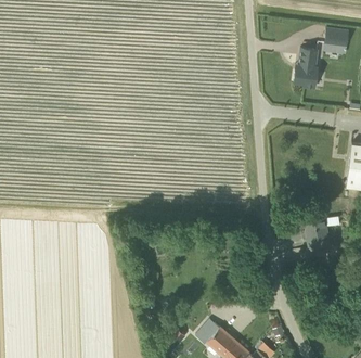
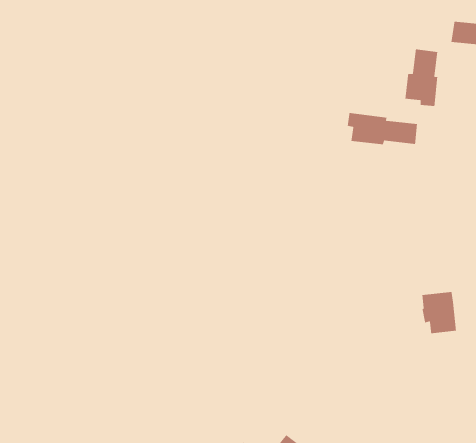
building: none -> [347,112,418,145]

